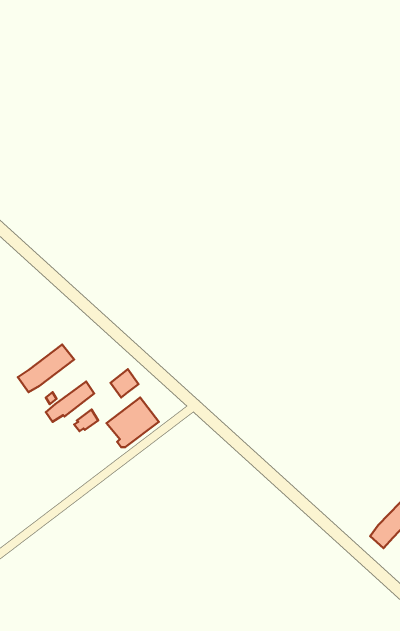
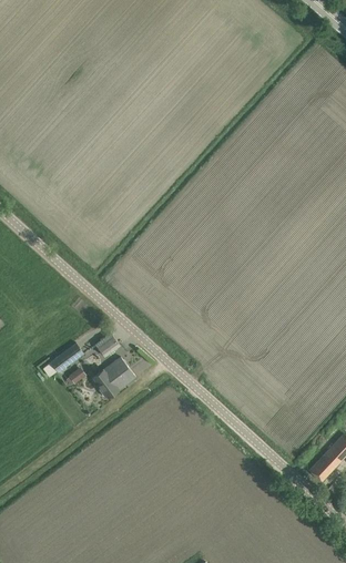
building: [18,345,74,392] -> none

